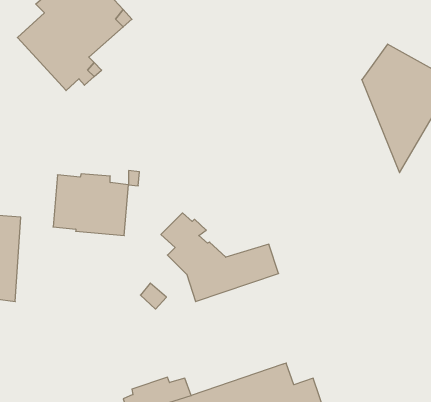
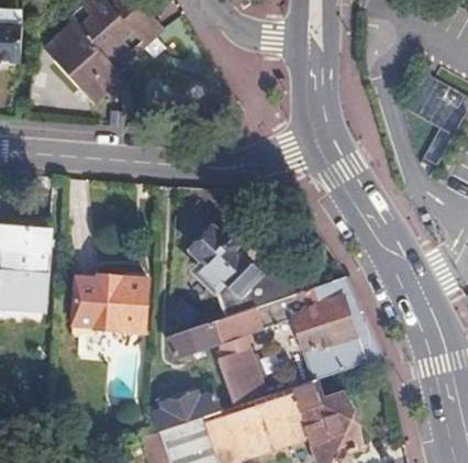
building: [53,174,129,236] -> [67,268,144,331]
building: none -> [168,278,381,382]
building: none -> [219,352,265,407]

